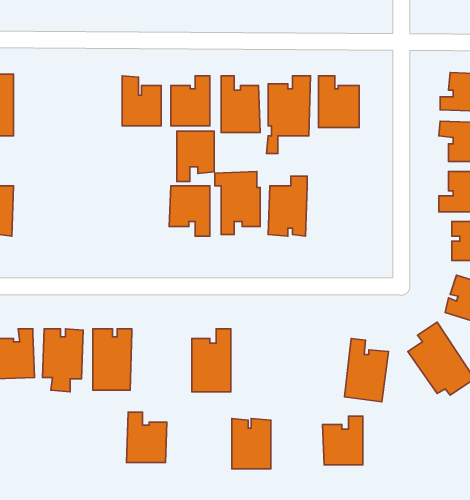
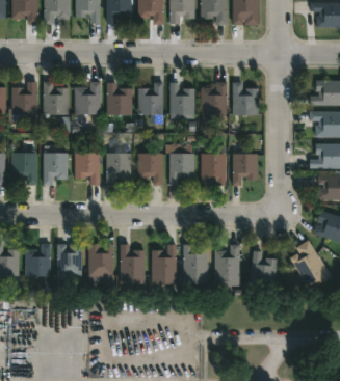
building: none -> [43,81,70,117]
building: none -> [74,81,101,115]
building: [177,131,214,182] -> [107,153,131,185]
building: none -> [44,145,68,185]
building: none -> [75,153,100,185]
building: none -> [233,154,258,185]
building: [126,412,167,463] -> [120,244,146,276]
building: [322,416,363,465] -> [214,245,240,276]
building: [232,419,271,469] -> [183,244,208,276]

